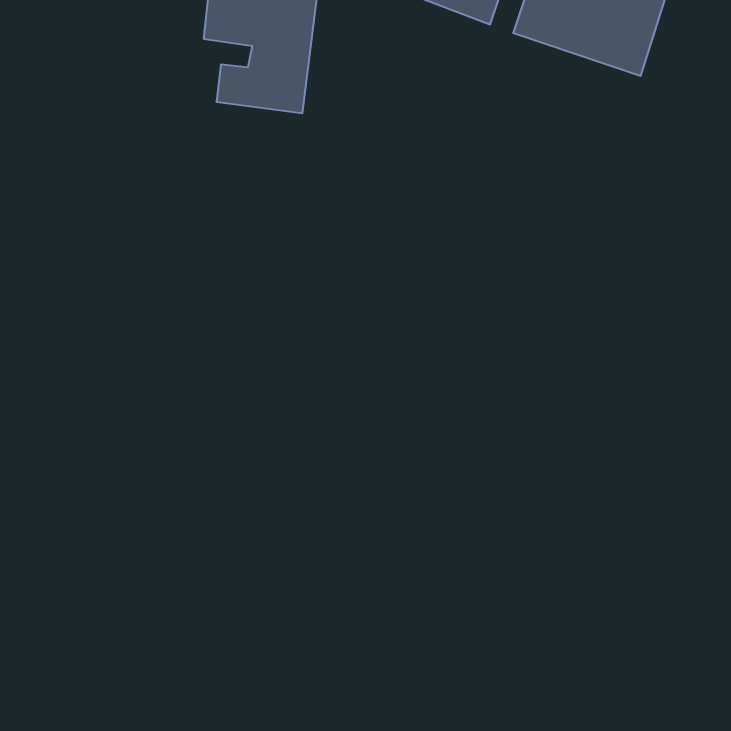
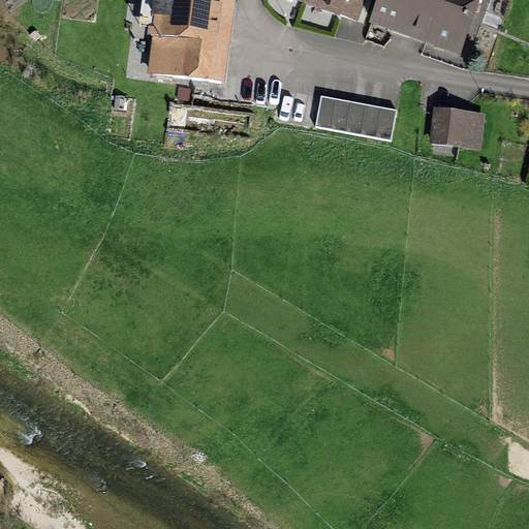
building: none -> [318,90,403,143]
building: none -> [430,110,479,150]

